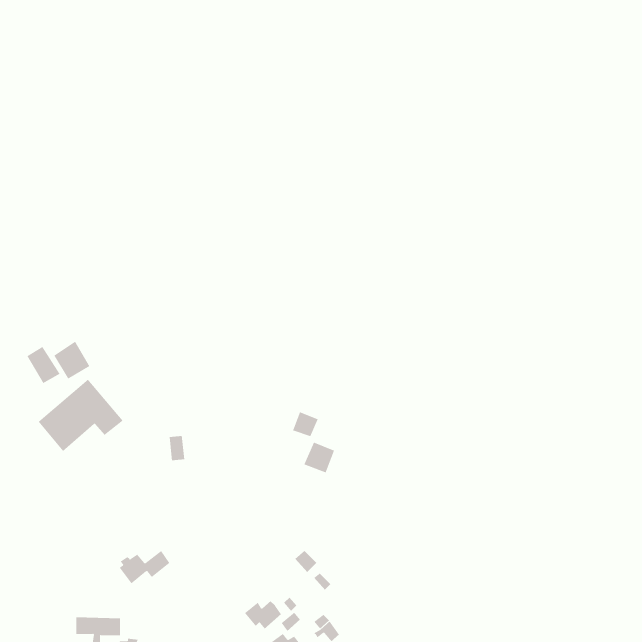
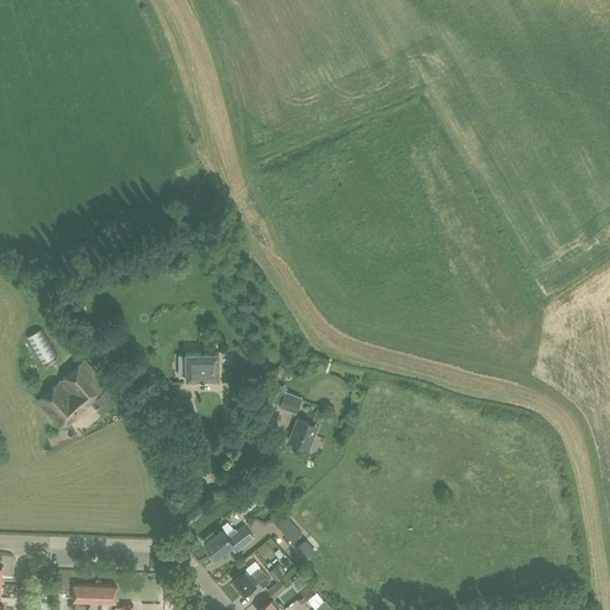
building: [53,341,90,380] -> none
building: none -> [185,353,218,379]
building: [119,550,170,584] -> [203,527,251,559]

